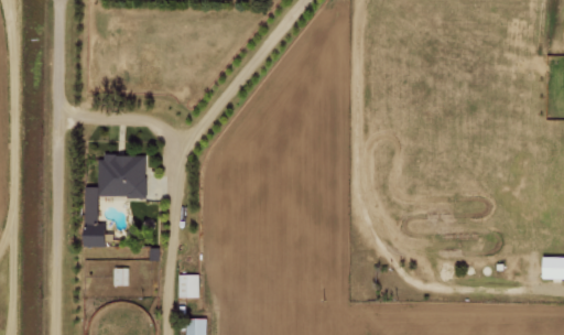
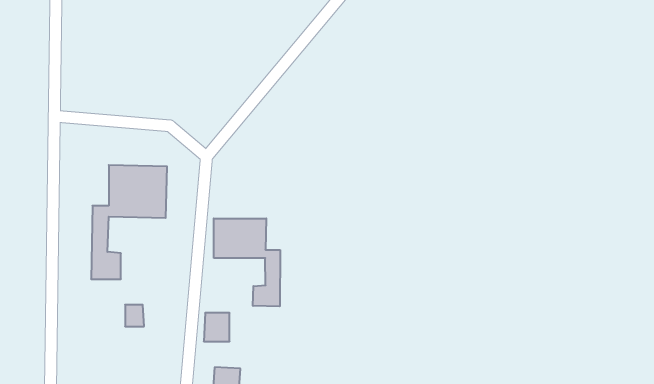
building: none -> [214,218,280,306]

